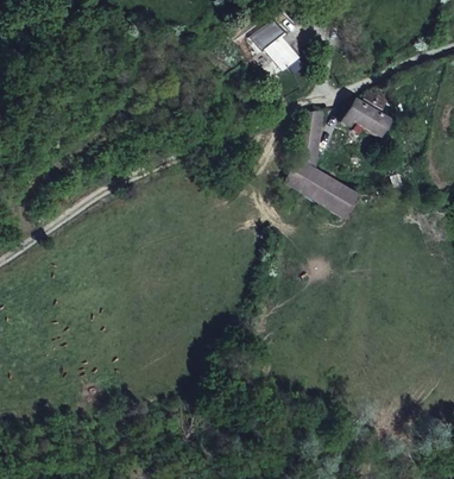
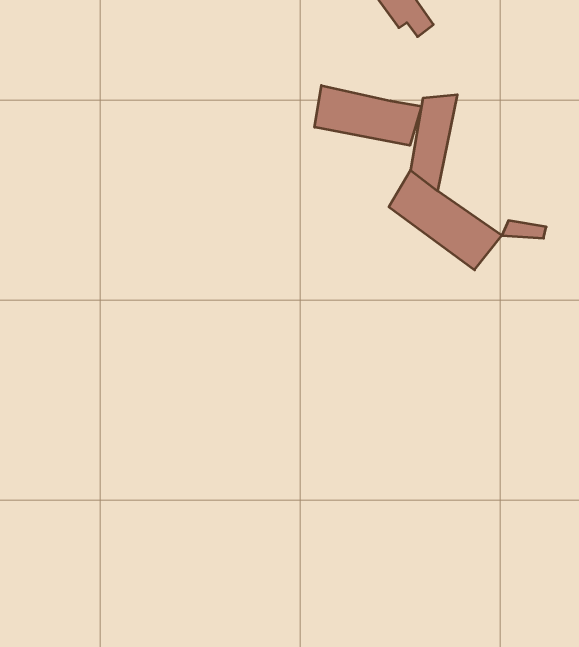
building: [342,89,389,135] -> none
building: none -> [315,85,421,145]

